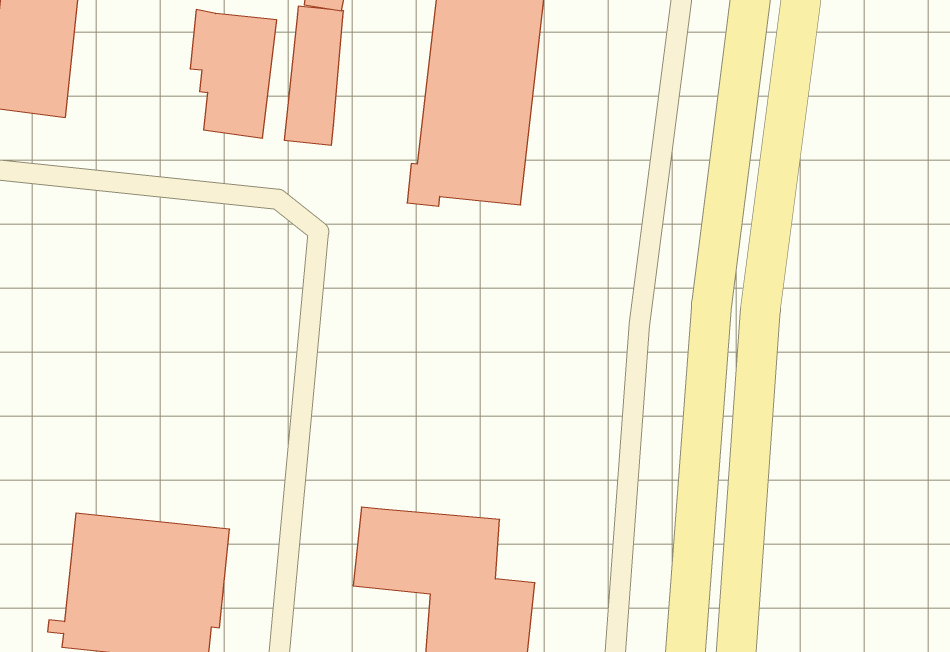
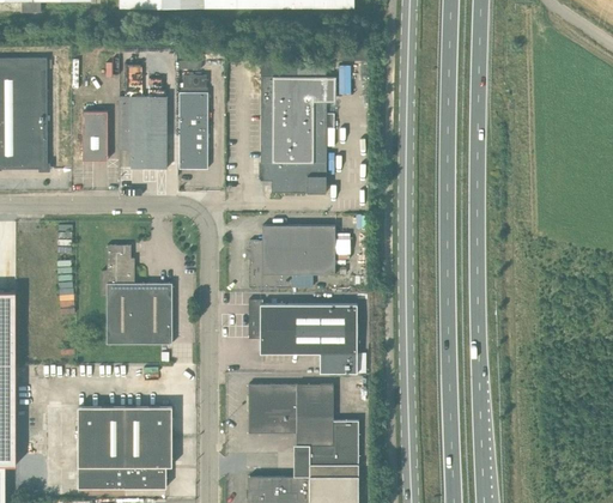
building: none -> [83,111,108,160]
building: none -> [249,225,335,287]
building: none -> [102,244,172,344]
building: none -> [249,299,357,372]

